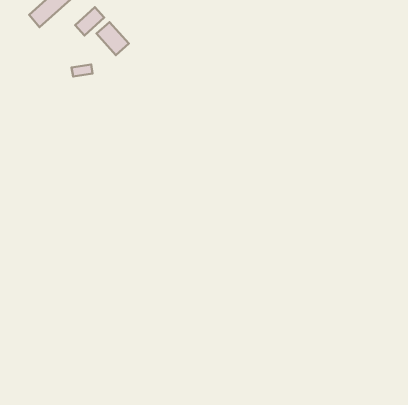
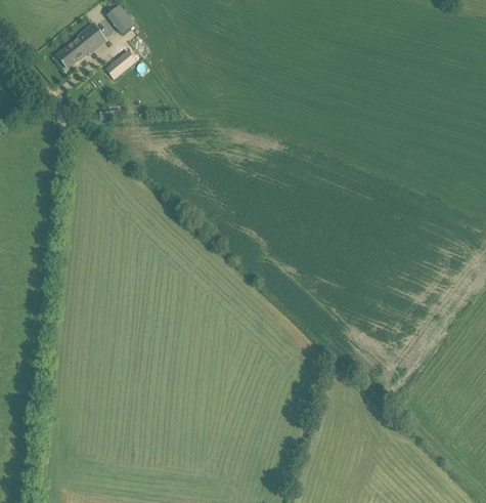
building: [97,22,129,55] -> none

